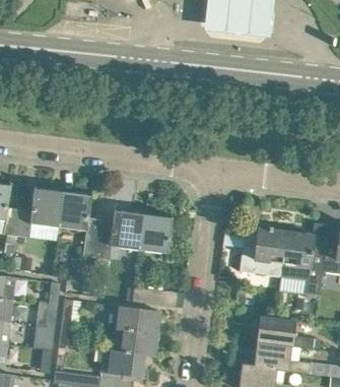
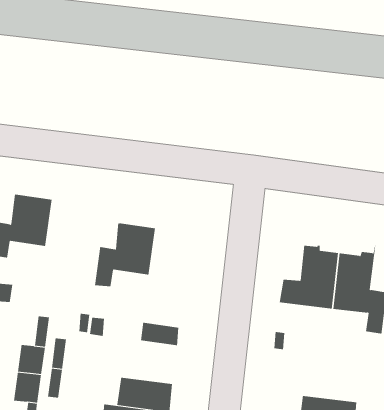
building: [58,191,100,258] -> none
building: [138,213,172,253] -> none
building: [116,306,159,334] -> none
building: [257,317,315,350] -> none

